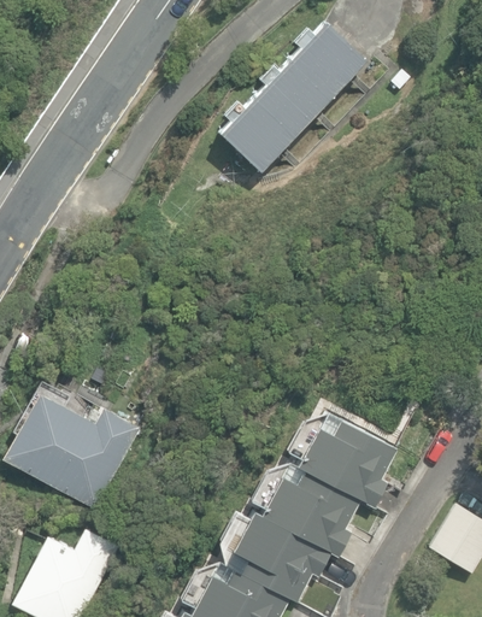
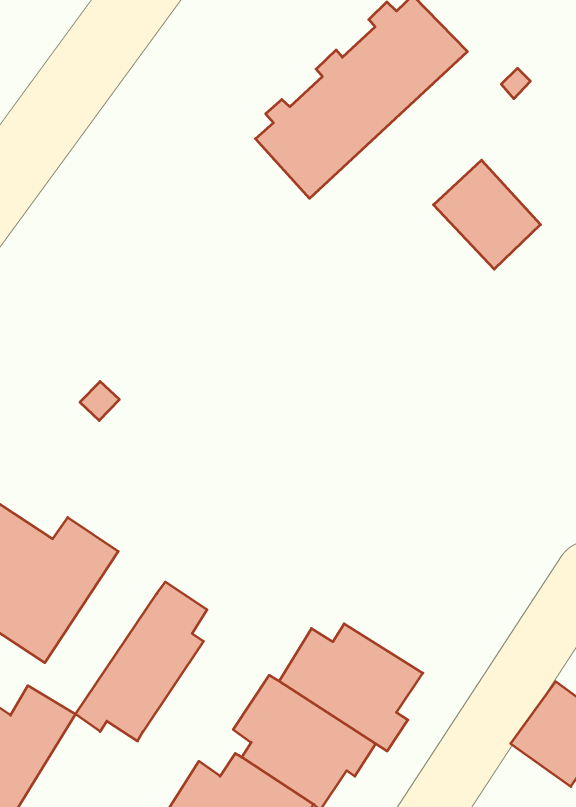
building: none -> [433,160,541,269]
building: [296,418,396,509] -> none
building: none -> [76,582,207,741]

